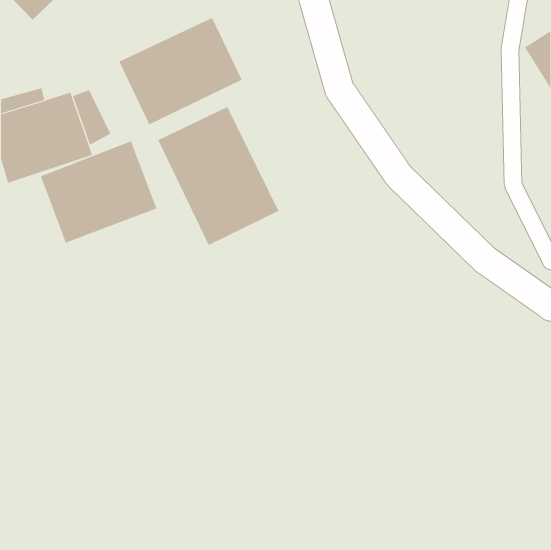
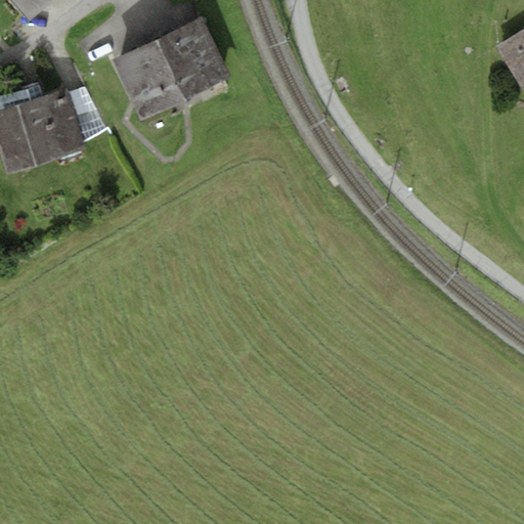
building: [157,106,279,246] -> none
building: [40,140,157,243] -> none

